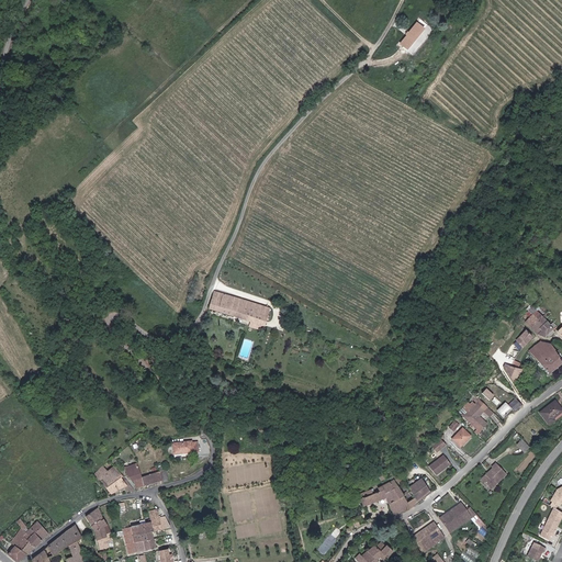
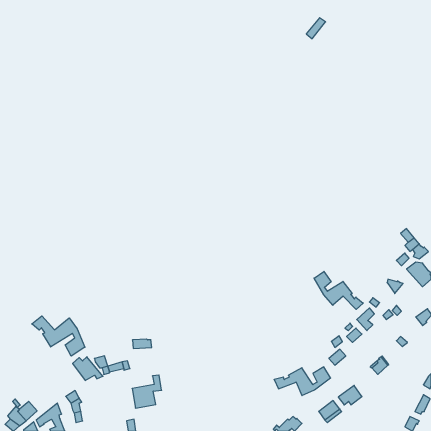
building: [210,291,271,325] -> none
building: none -> [314,271,363,309]
building: none -> [32,316,85,356]
building: [123,509,161,552] -> [132,375,162,408]

